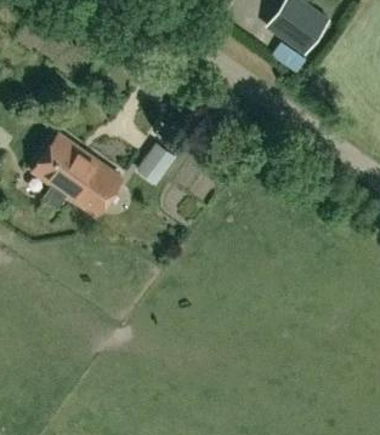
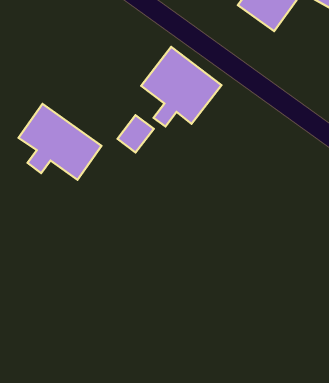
building: none -> [141,47,222,127]

